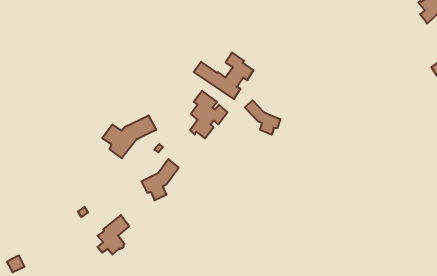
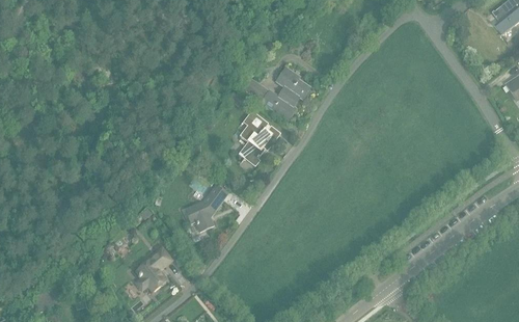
building: [245,100,280,135] -> none
building: [102,115,156,158] -> none

